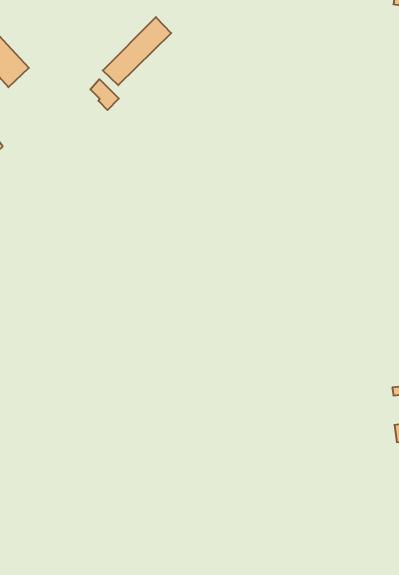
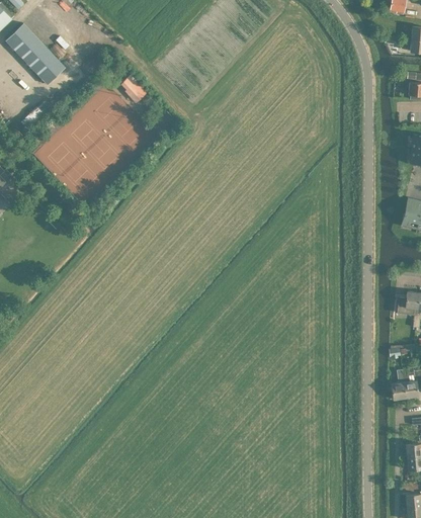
building: [103,17,171,85] -> none

